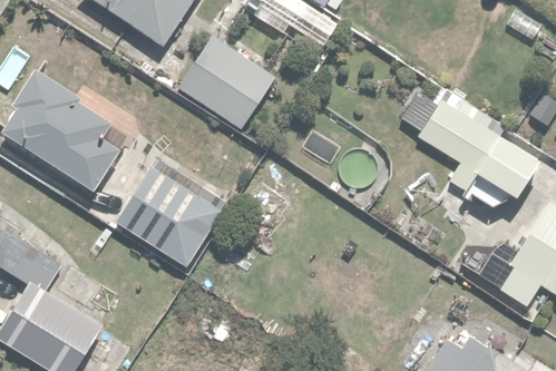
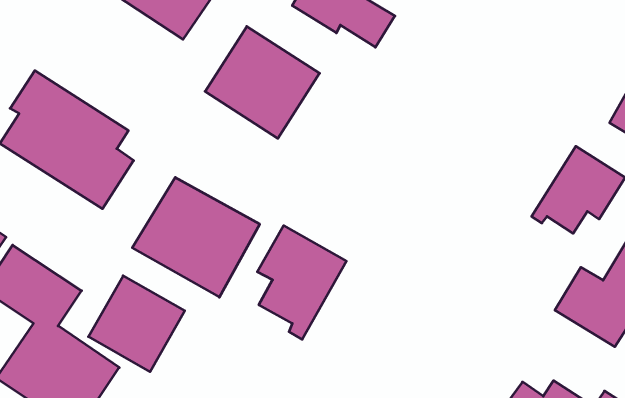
building: [400,94,489,168] -> none
building: none -> [257,226,346,339]
building: none -> [88,276,185,372]

